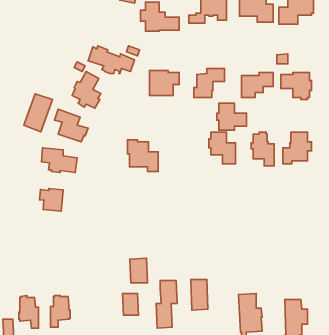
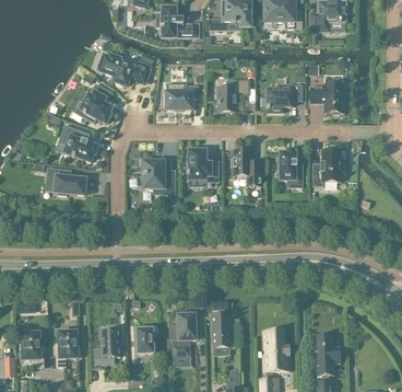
building: [24,94,53,132] -> none
building: [217,103,246,130] -> [186,149,218,178]
building: [39,189,63,211] -> none
building: [130,258,148,283] -> [100,327,120,355]

